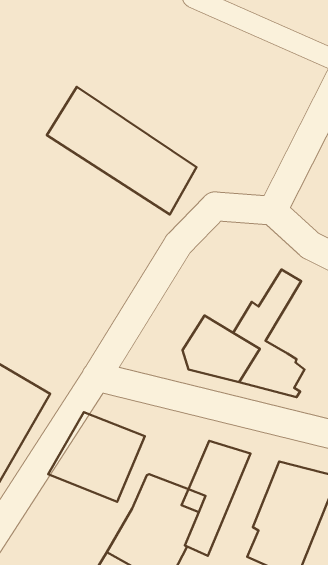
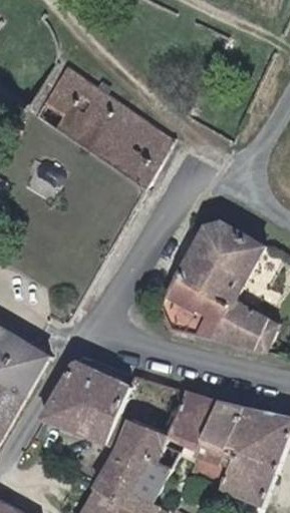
building: none -> [180,223,247,293]
building: none -> [197,398,245,462]

